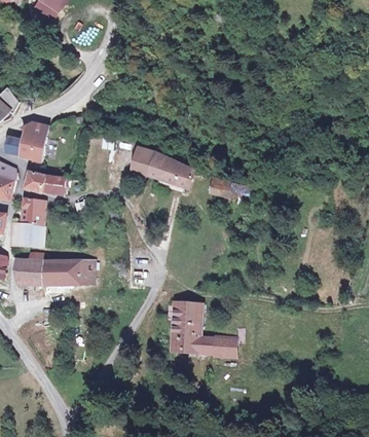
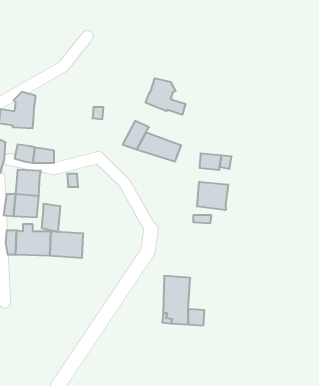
building: none -> [146,78,185,115]
building: none -> [197,182,228,210]
building: none -> [42,204,60,232]
building: [216,339,237,359] -> none

